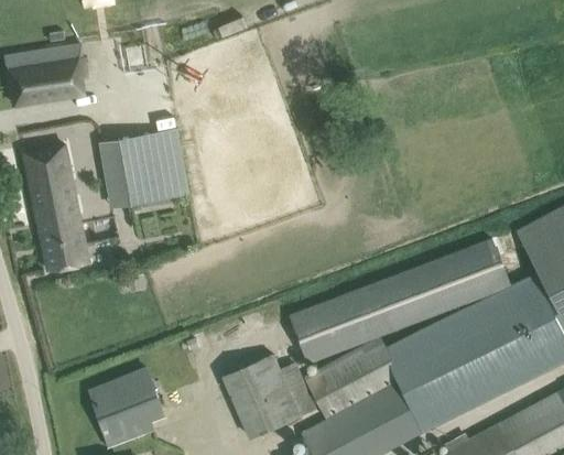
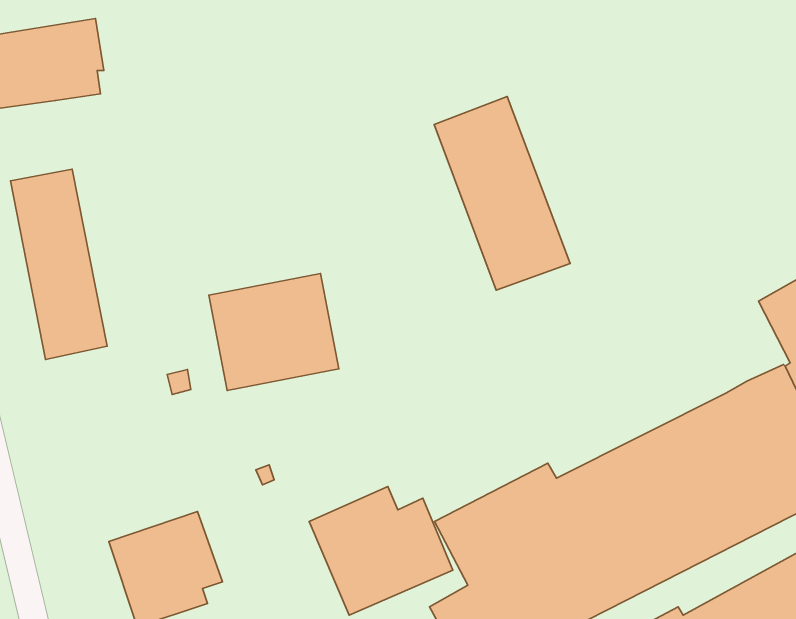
building: none -> [434,96,570,290]
building: [104,130,189,207] -> [209,273,339,390]
building: [289,238,510,365] -> none

